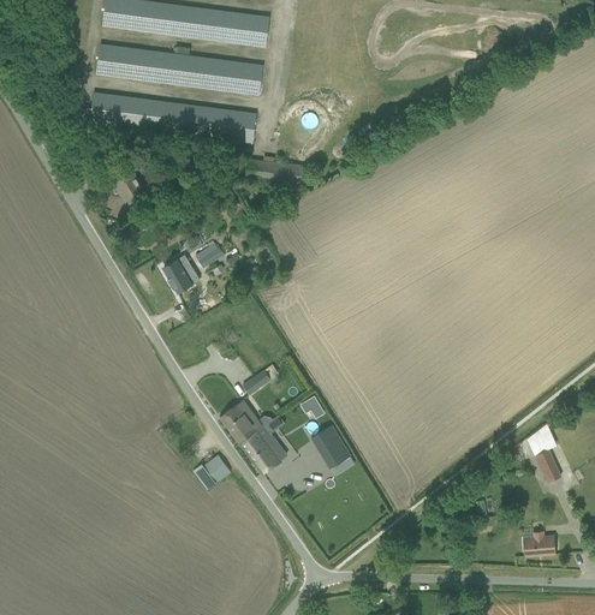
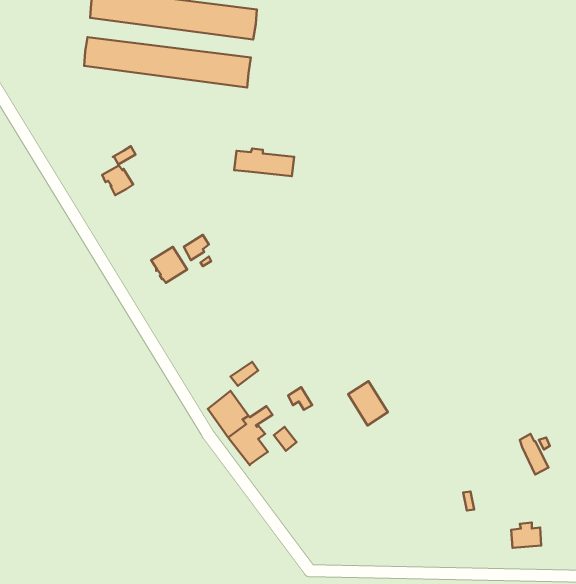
building: [90,92,256,143] -> none
building: [311,424,351,468] -> [348,381,388,425]
building: [194,455,231,489] -> none

